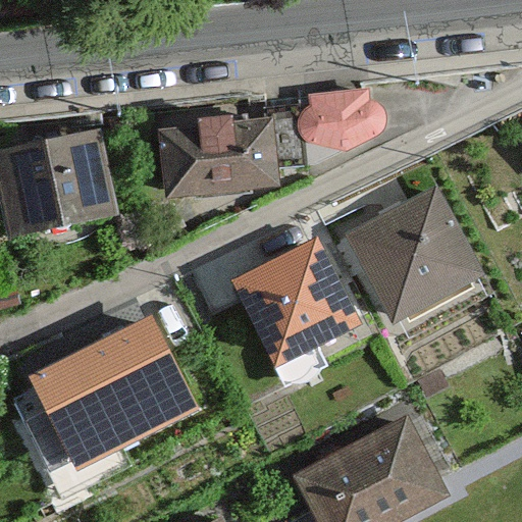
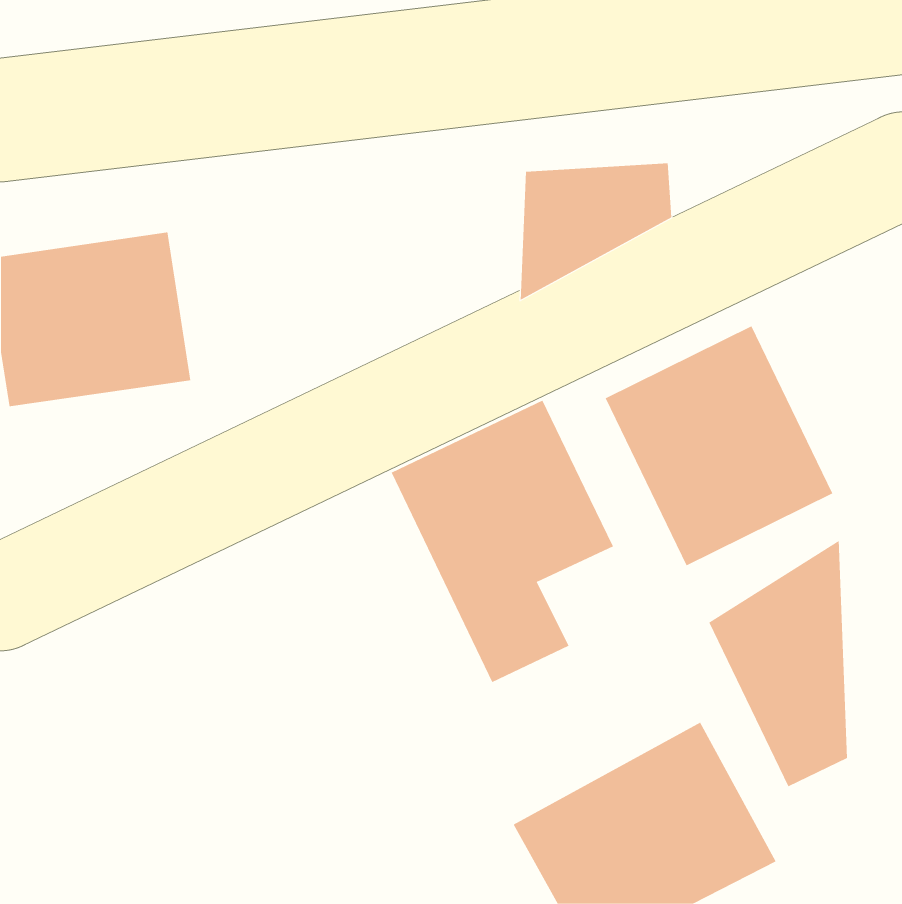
building: [158,105,273,188] -> none
building: [8,310,216,487] -> none
building: none -> [708,540,847,787]

